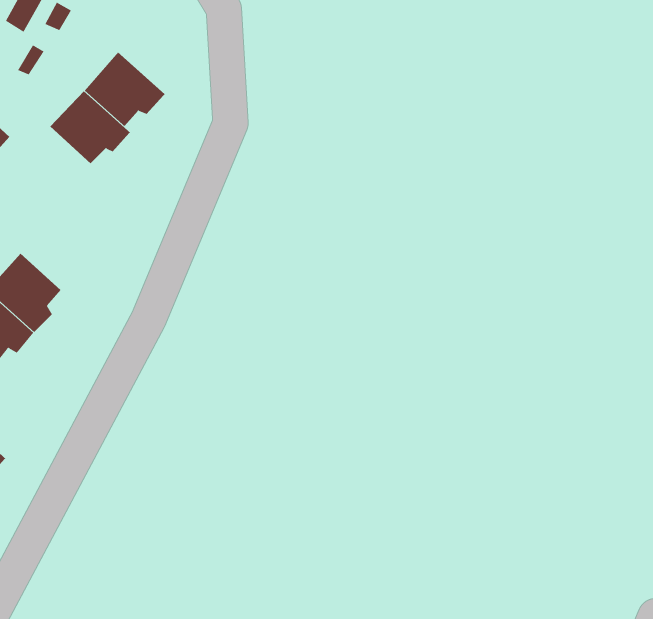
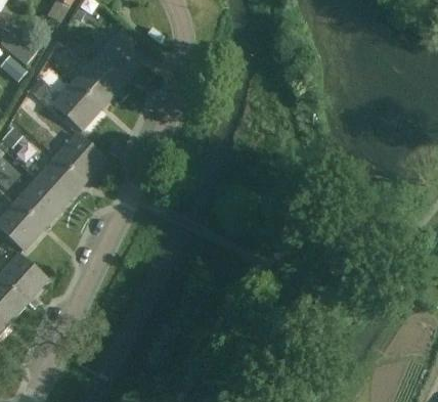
building: none -> [53,81,98,131]
building: none -> [56,134,105,179]

